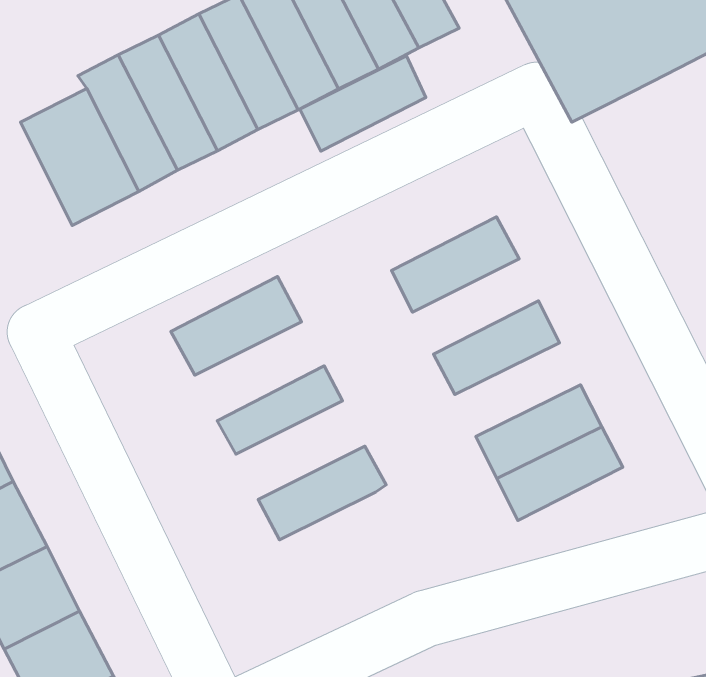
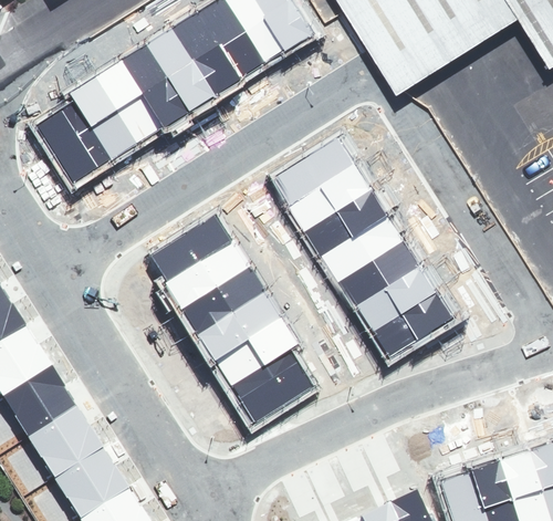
building: [300,56,426,151] -> [271,133,354,201]
building: none -> [304,186,387,254]
building: none -> [164,241,249,312]
building: none -> [337,239,420,306]
building: none -> [196,291,281,362]
building: none -> [230,350,315,426]

